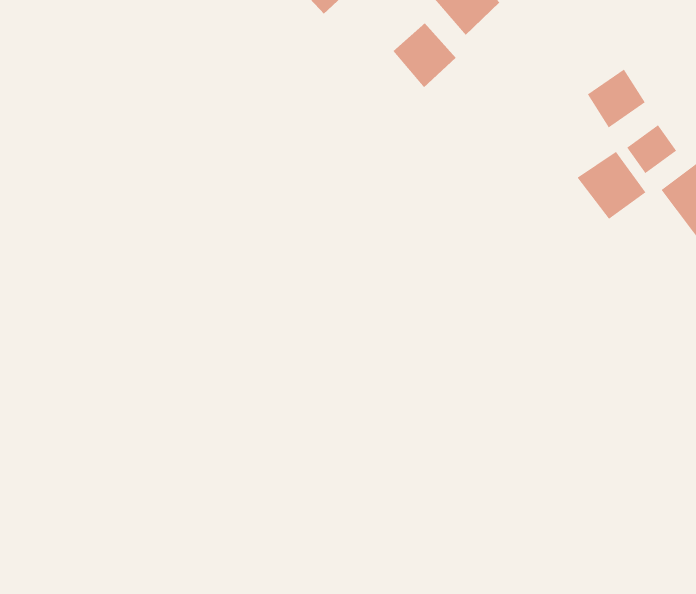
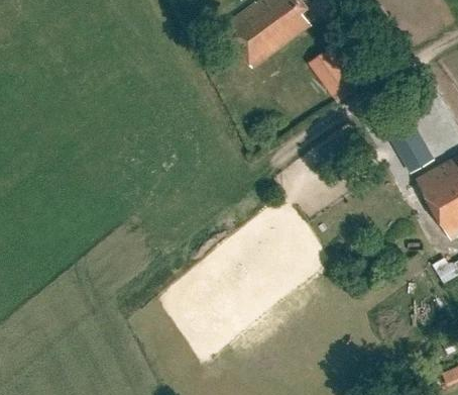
building: [393,22,456,88] -> none
building: [577,151,646,220] -> none

